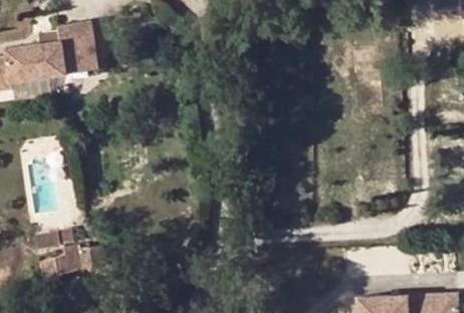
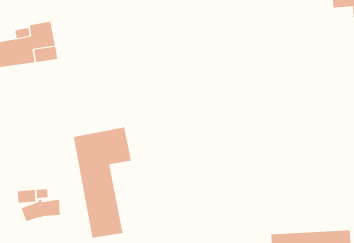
building: none -> [73,126,131,238]

